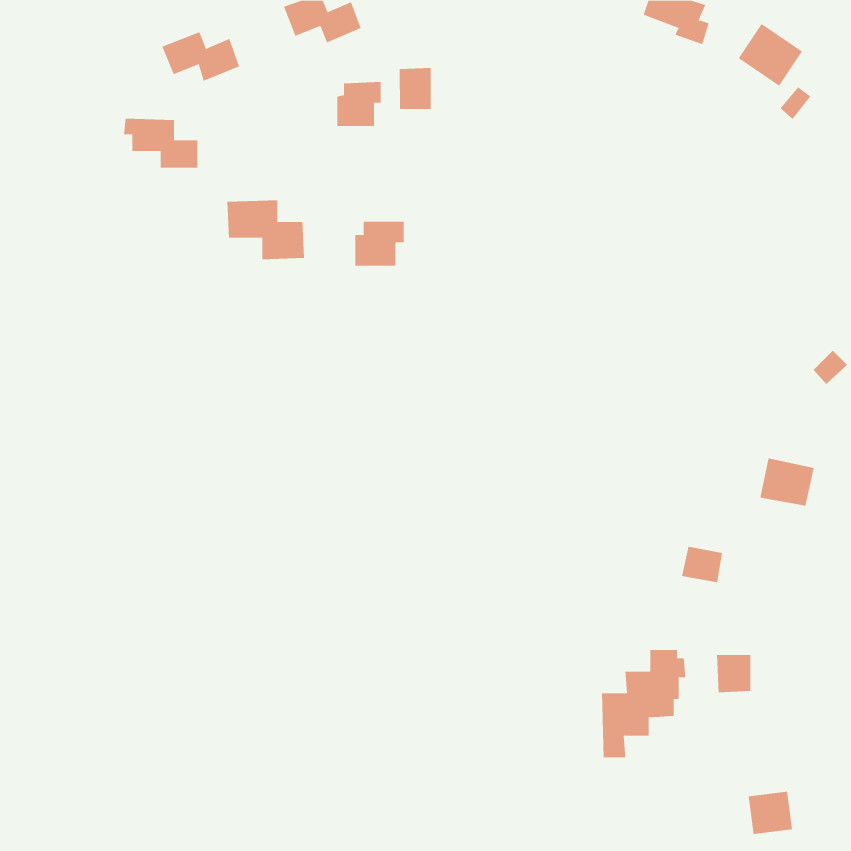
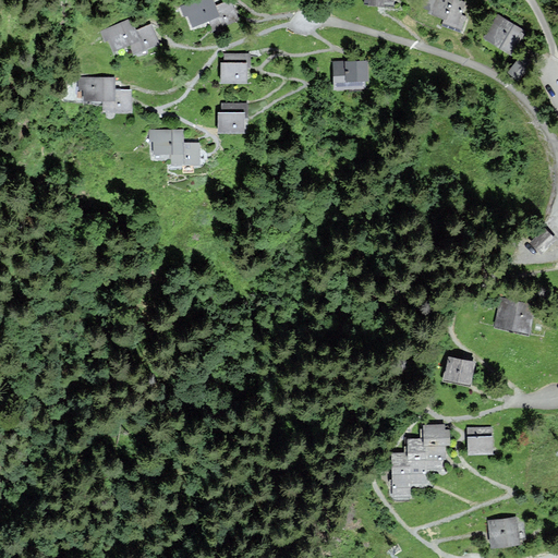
building: [399,67,431,110] -> none
building: none -> [331,62,365,90]
building: [355,221,405,266] -> [217,104,250,133]

